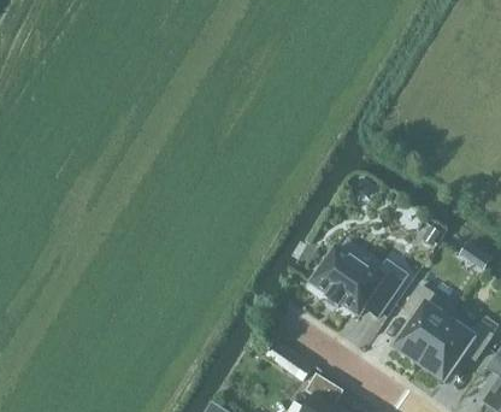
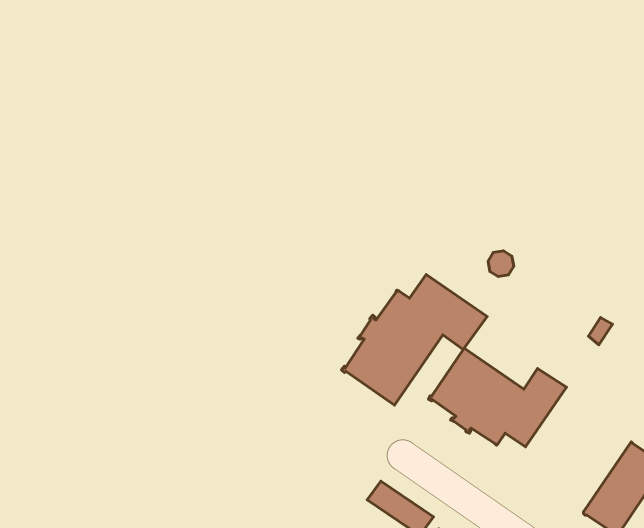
building: none -> [342,275,487,405]
building: [394,284,455,364] -> none

